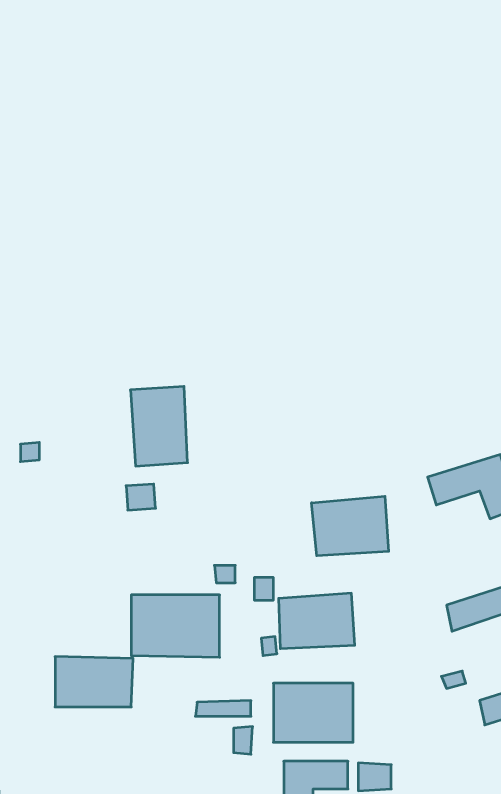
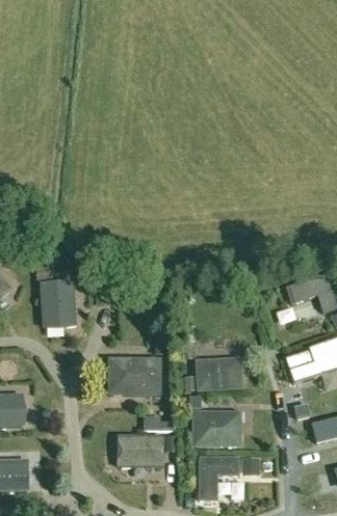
building: [130,386,188,466] -> [41,279,75,327]
building: [312,496,389,556] -> none
building: [55,657,133,707] -> [118,435,164,465]

